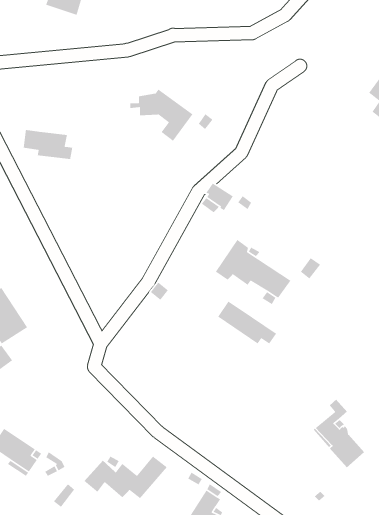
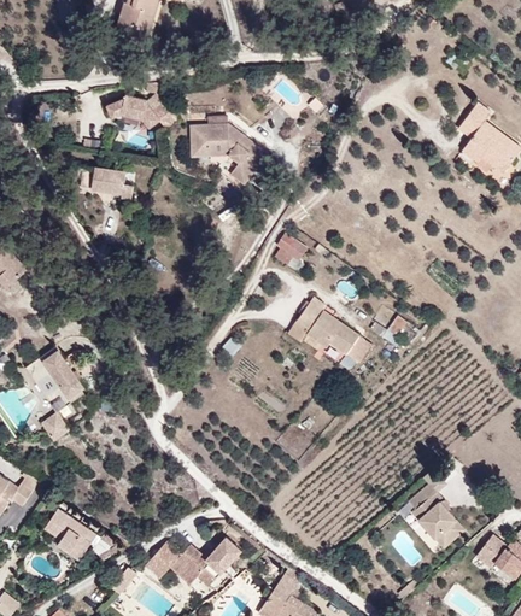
building: none -> [100,94,174,133]
building: none -> [189,123,228,154]
building: [217,300,277,345] -> none

